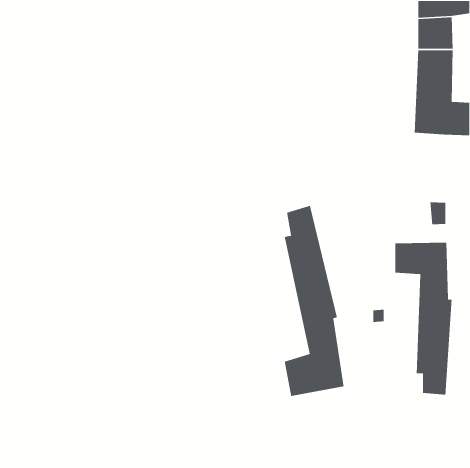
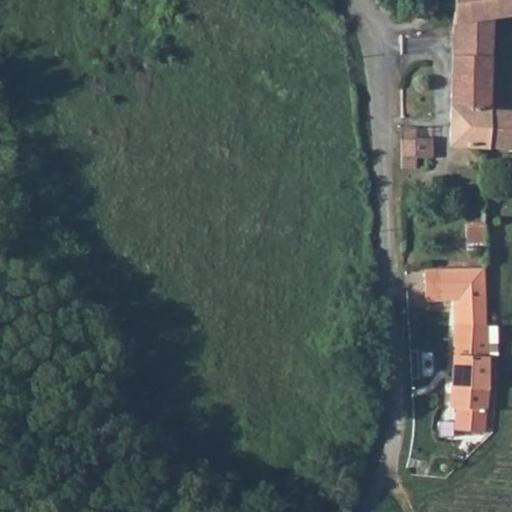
building: none -> [402,125,431,167]
building: [284,205,345,397] -> none

